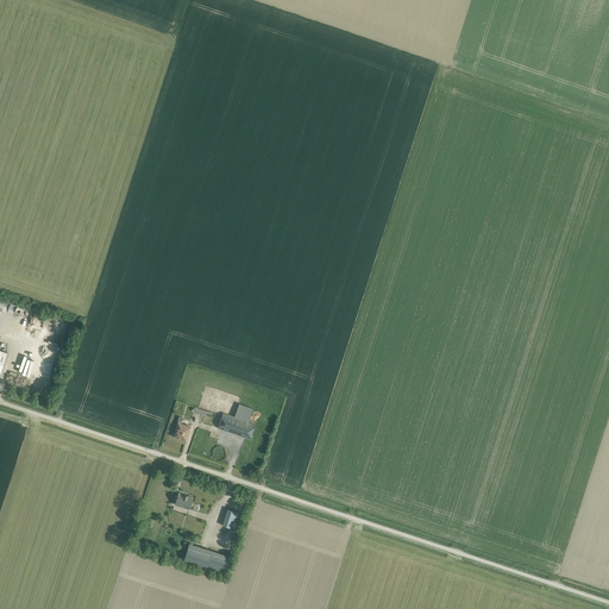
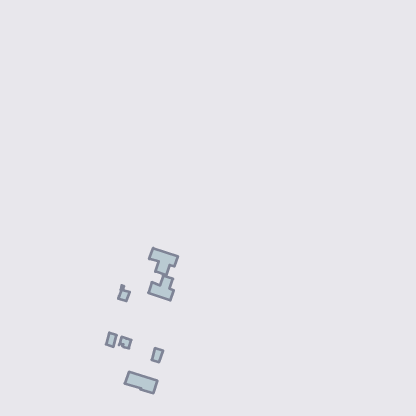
building: none -> [149,248,178,275]

